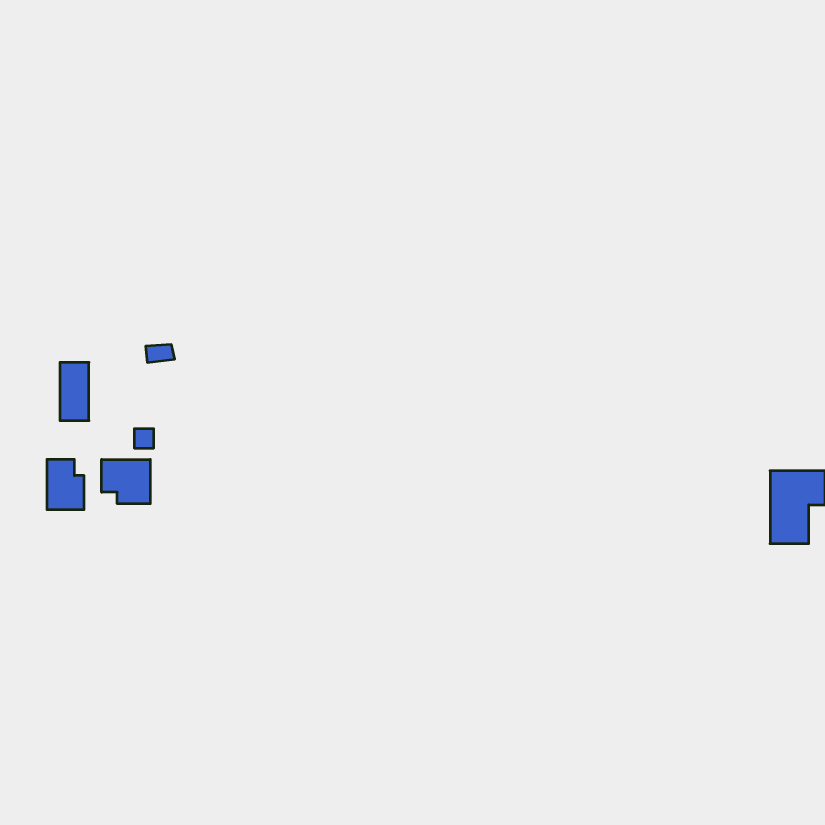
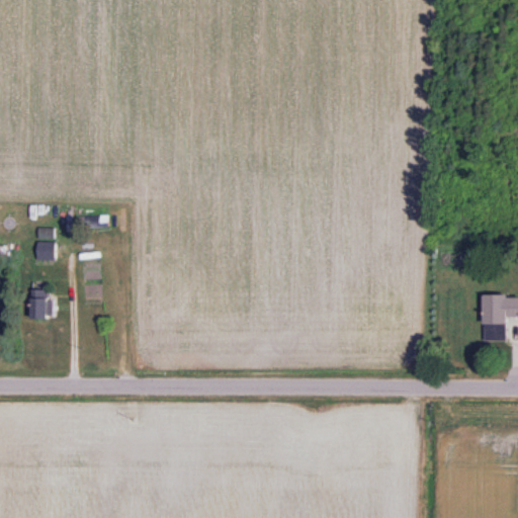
building: [102,459,150,504] -> none

